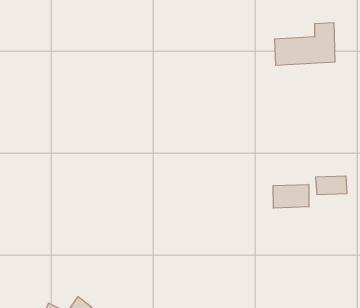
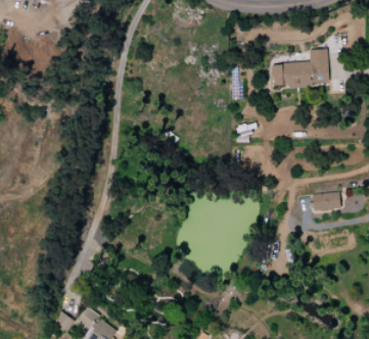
building: [273,184,309,208] -> none

